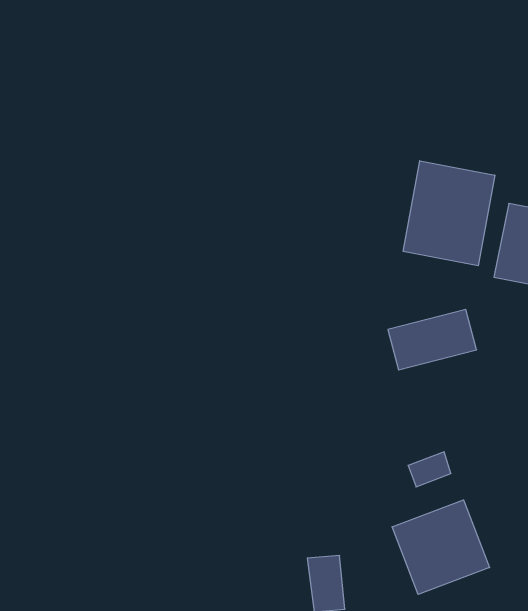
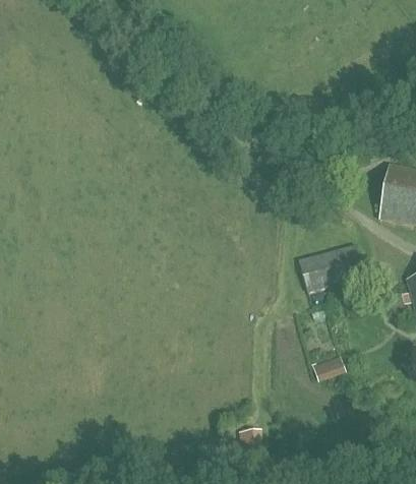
building: [403,161,495,266] -> none
building: [392,500,490,594] -> none

